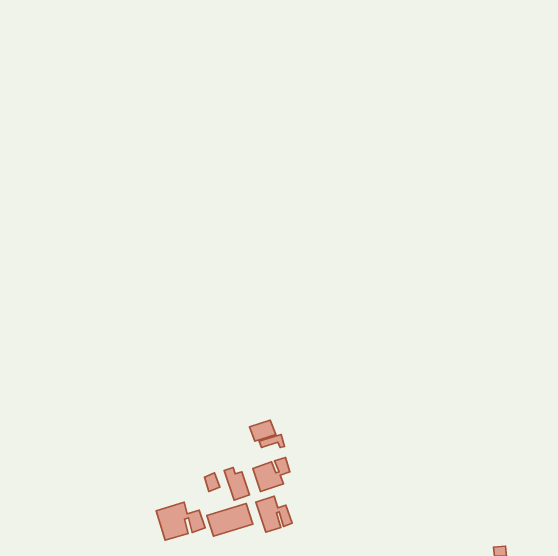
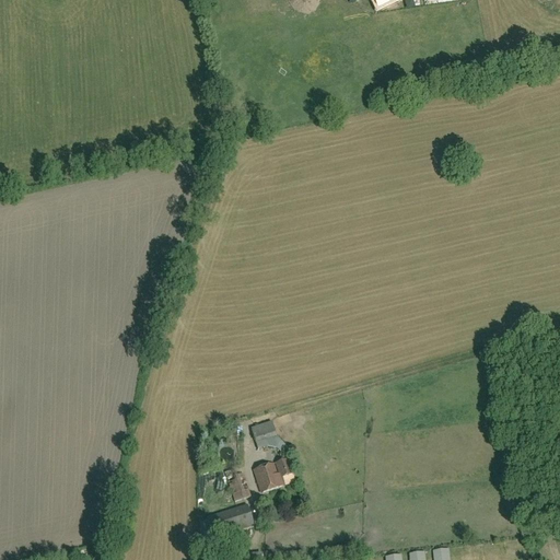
building: [256,496,292,532] -> none
building: [156,502,205,540] -> none

